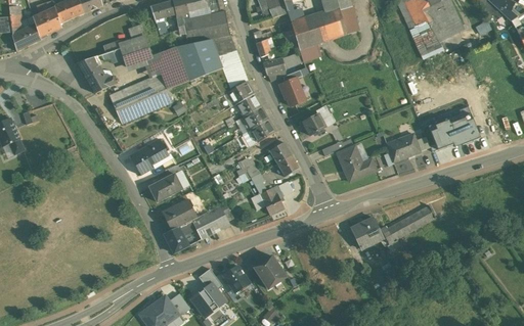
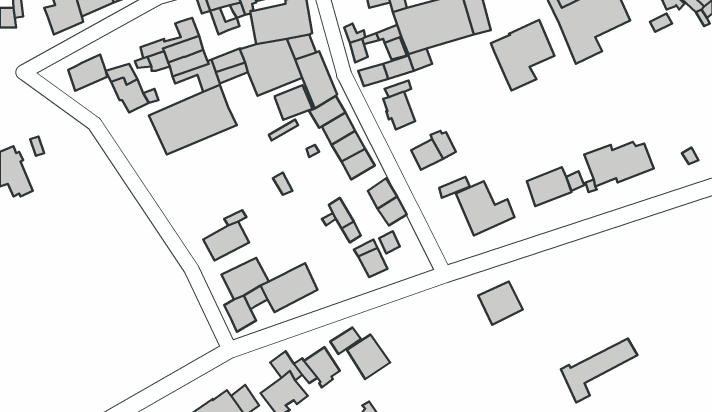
building: [12,24,41,50] -> [68,55,107,91]
building: none -> [491,20,554,90]
building: [162,63,189,89] -> [275,85,312,120]
building: [131,139,168,174] -> none
building: [380,205,436,252] -> [561,338,637,403]

